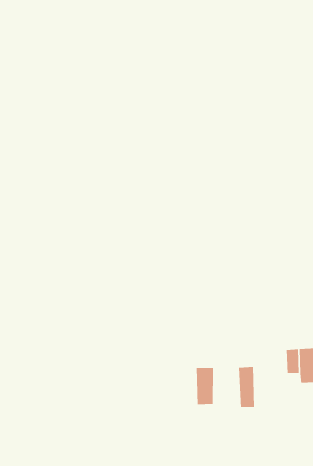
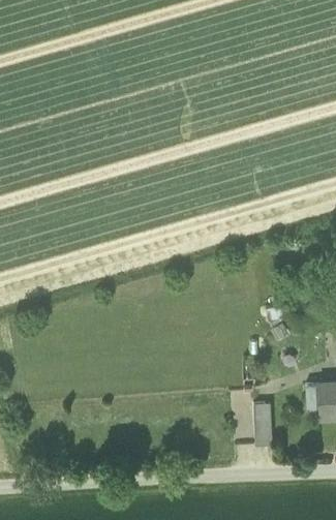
building: [196,367,213,405] -> none

